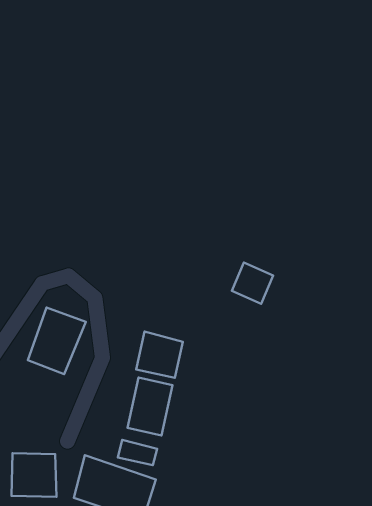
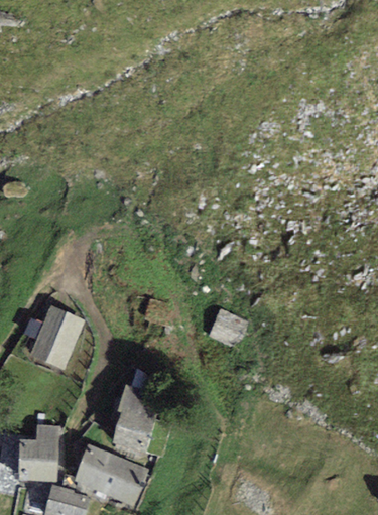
building: [232,262,273,304] -> [209,308,247,347]
building: [136,331,183,378] -> none

